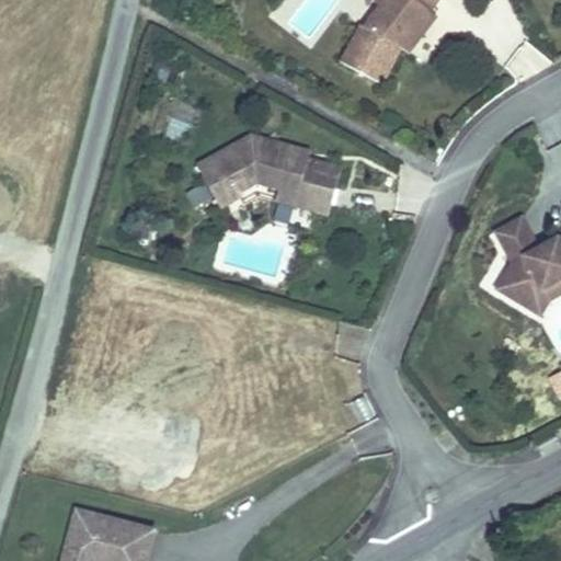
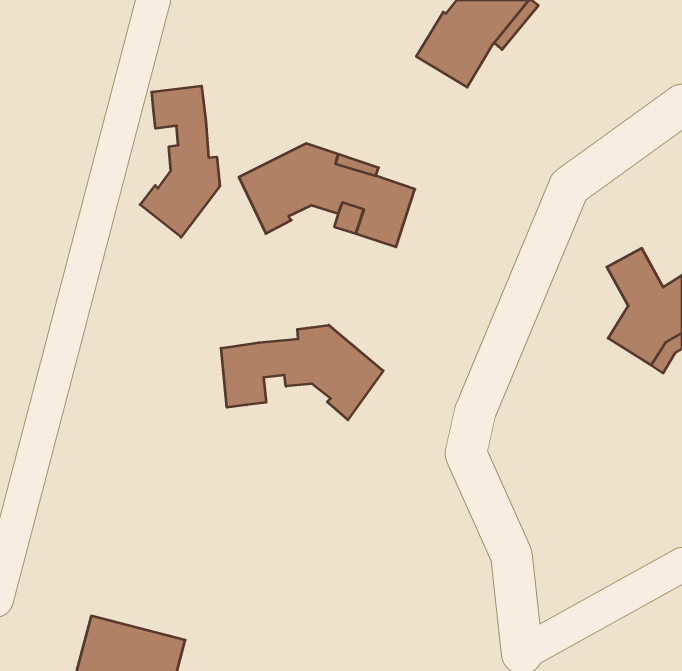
building: none -> [140,86,220,237]
building: none -> [221,325,383,420]

